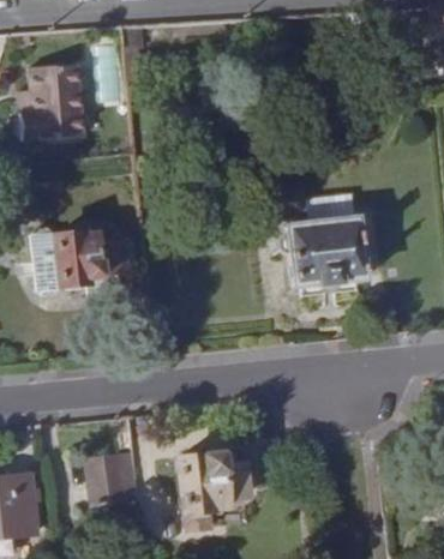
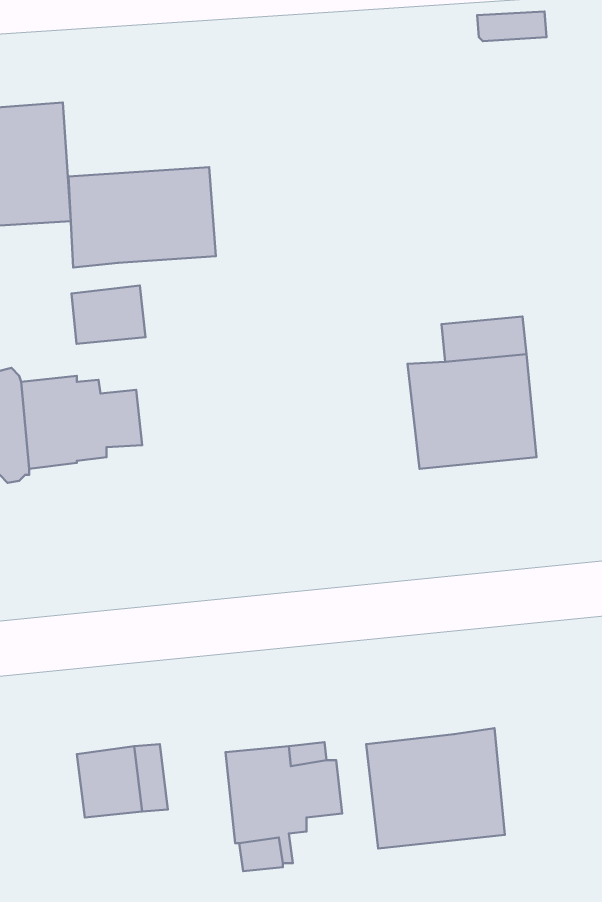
building: none -> [69,167,216,267]
building: none -> [71,285,145,344]
building: none -> [366,728,505,849]

